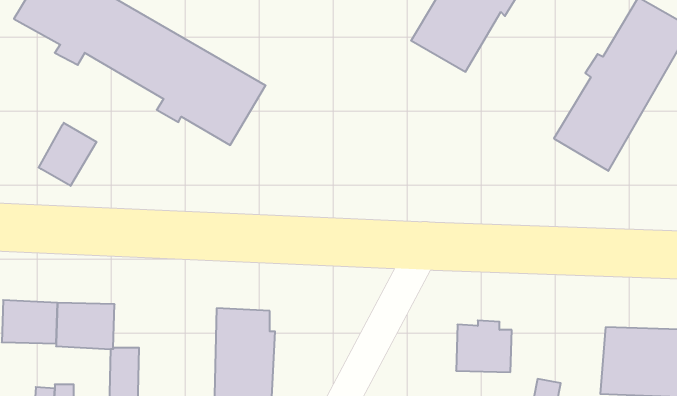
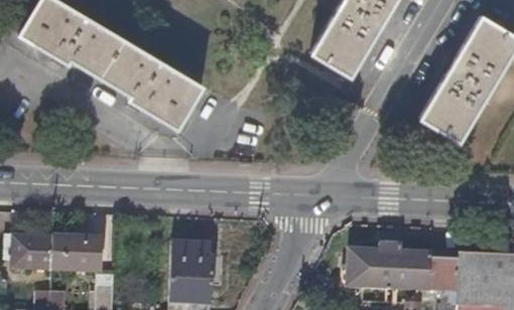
building: [39,123,96,186] -> none
building: none -> [386,254,446,293]

